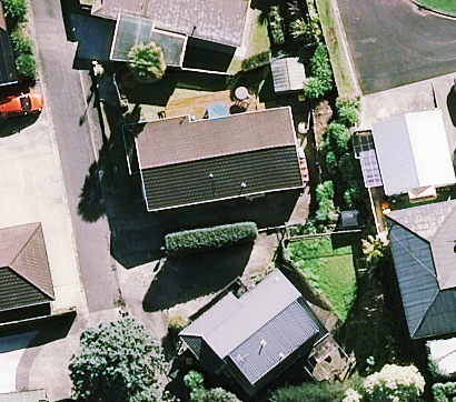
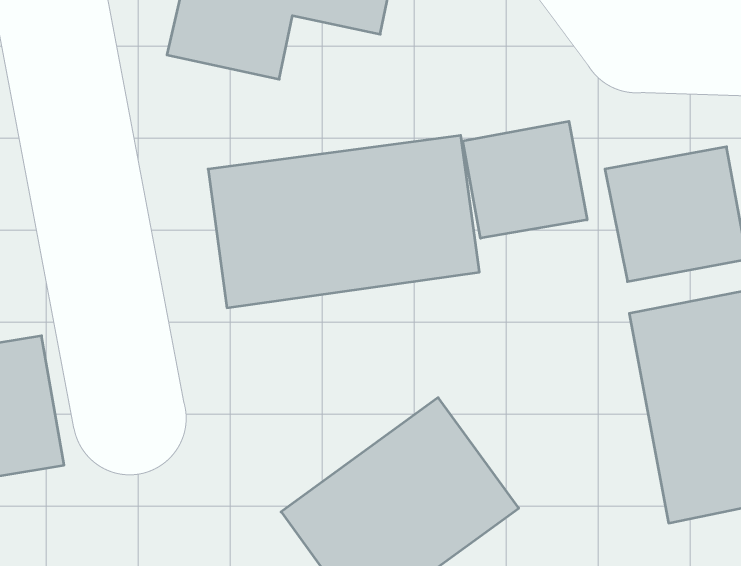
building: none -> [463,121,587,238]

